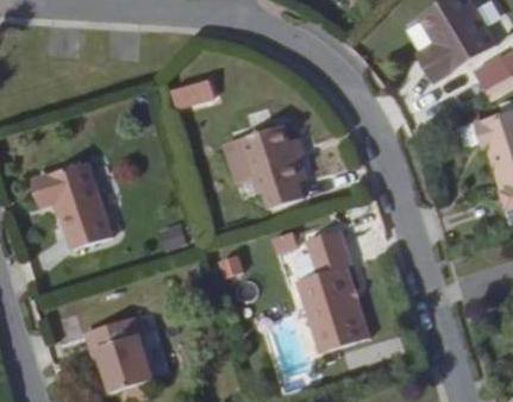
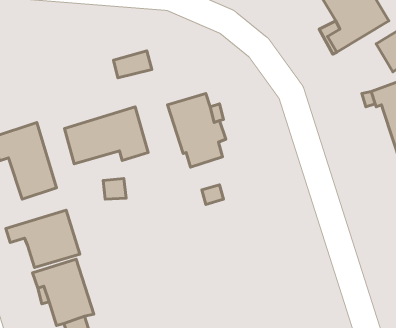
building: none -> [64,107,148,164]
building: [296,231,367,351] -> none
building: none -> [6,210,80,267]

